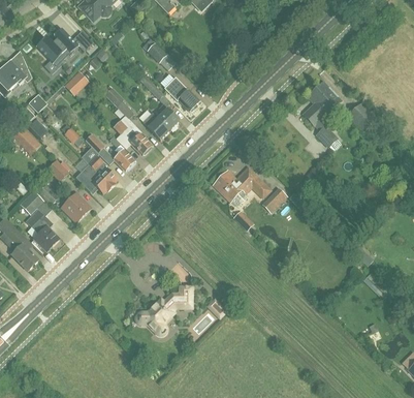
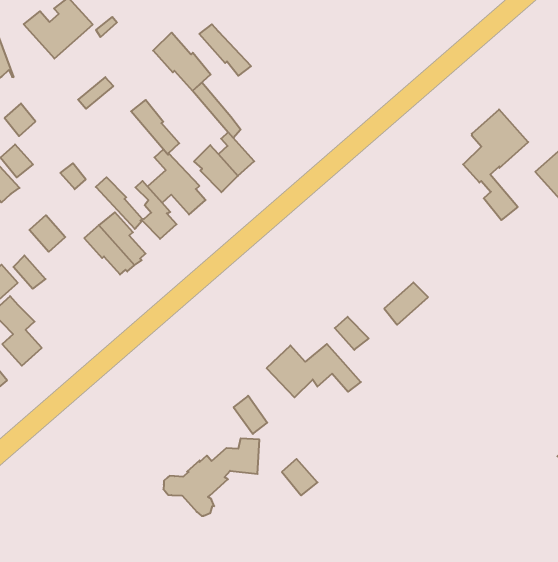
building: [164,76,199,111] -> [153,33,211,91]
building: [213,167,269,201] -> [267,344,361,397]
building: [61,191,91,221] -> none

